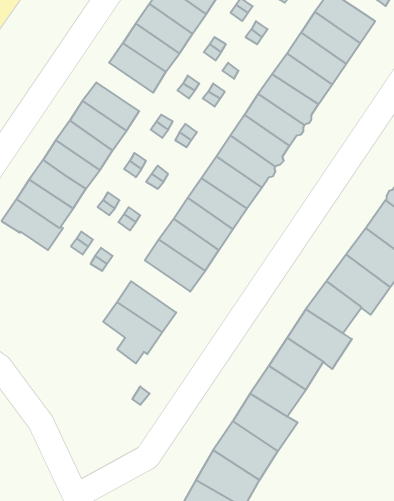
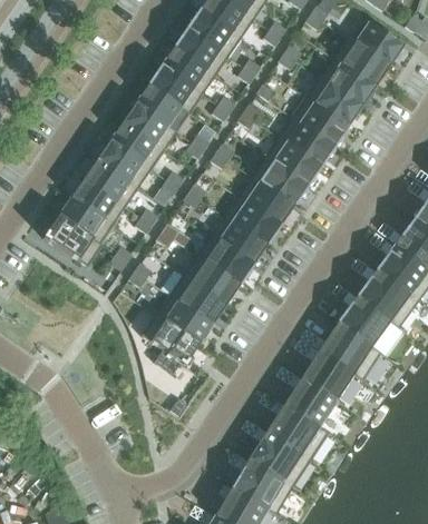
building: none -> [135,86,189,132]
building: none -> [168,276,225,326]

